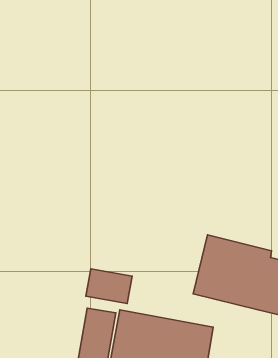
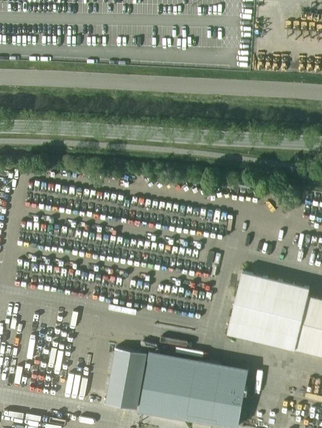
building: [86,269,132,303] -> none

